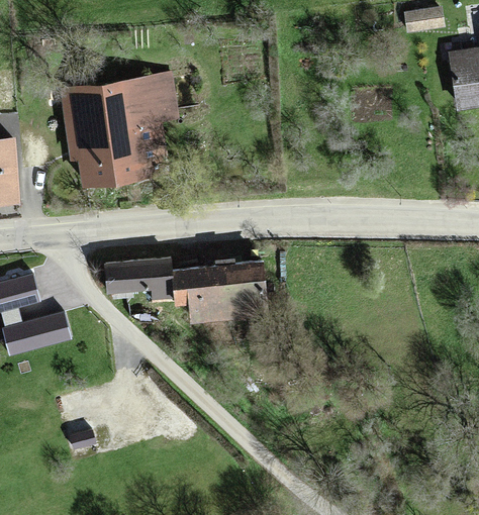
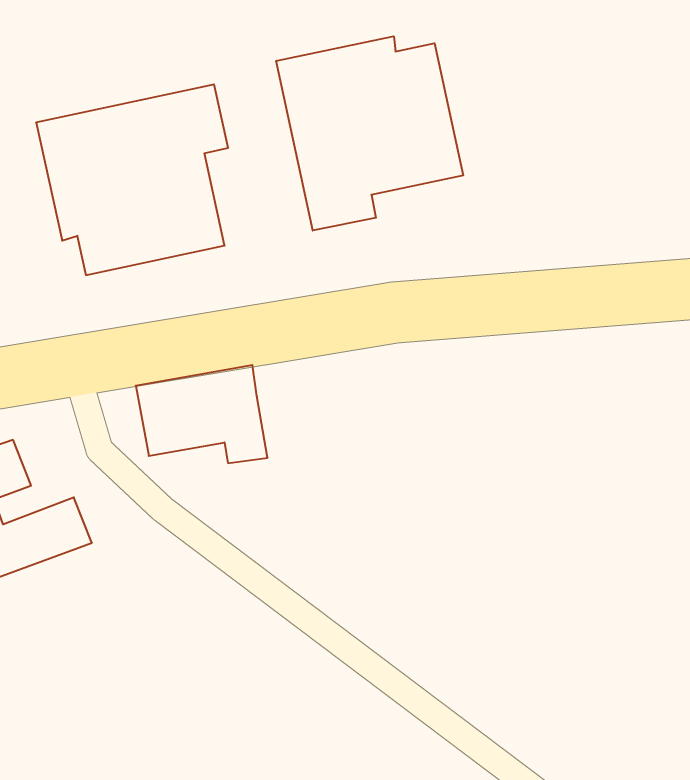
building: none -> [276,36,463,231]
building: [176,255,273,323] -> none

